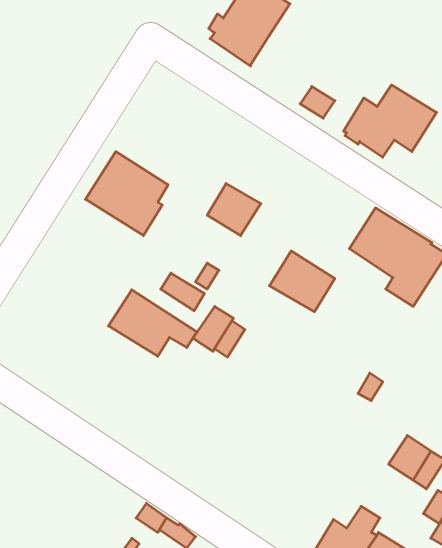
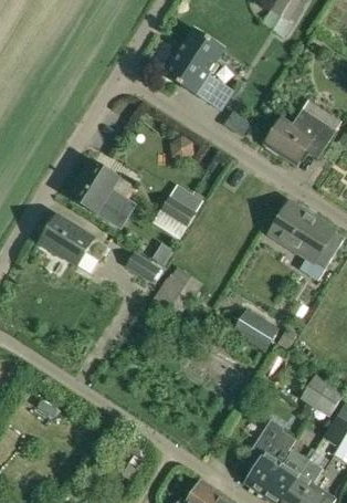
building: none -> [194,71,234,111]
building: [269,251,335,312] -> [230,305,280,352]
building: [108,290,197,356] -> [40,213,107,264]

